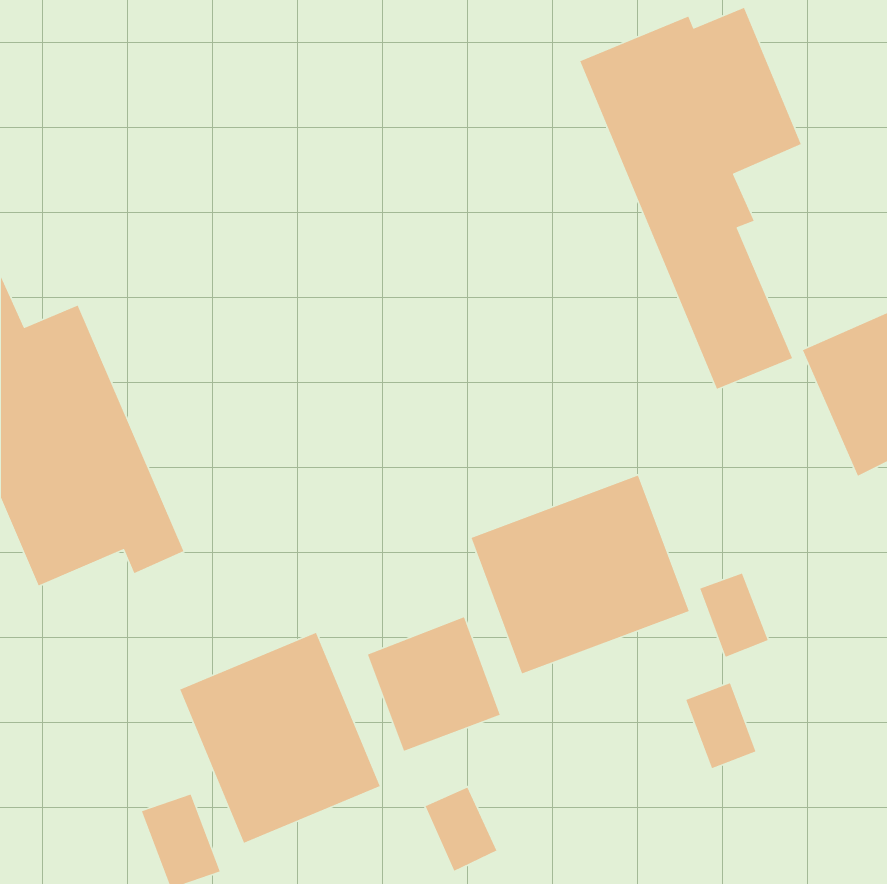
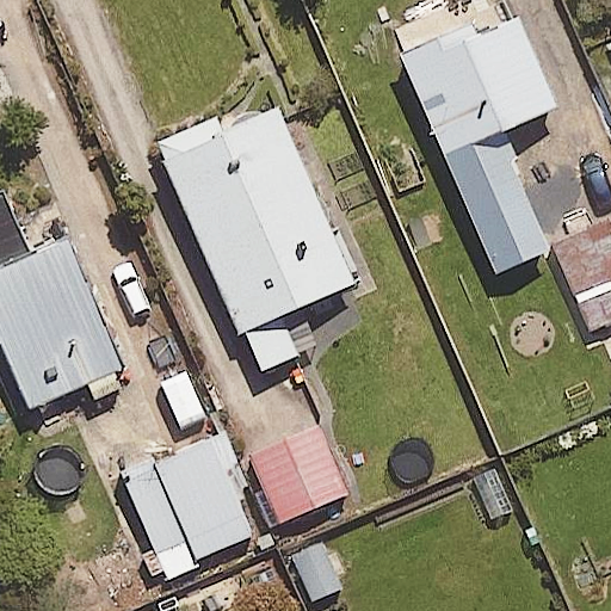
building: none -> [156,101,351,369]
building: [470,474,690,675] -> none

